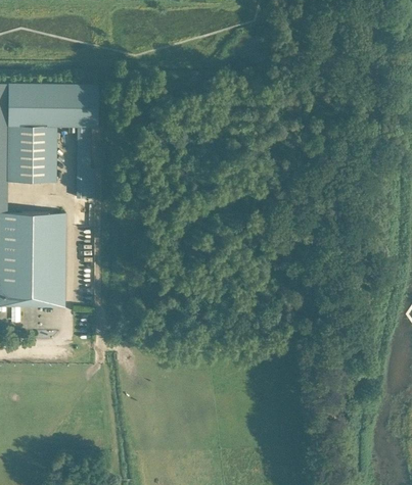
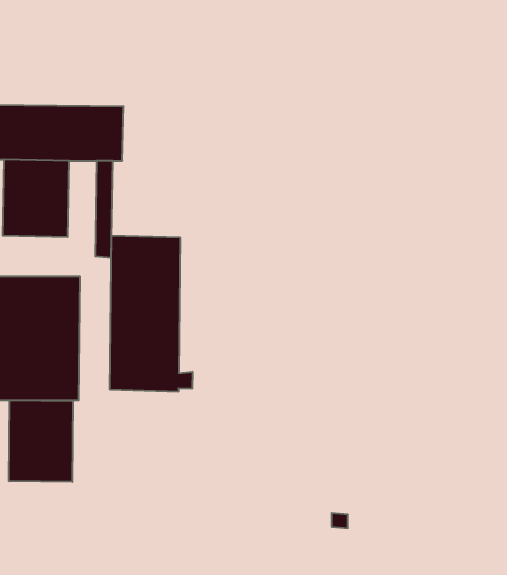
building: none -> [110,235,192,392]
building: none -> [9,400,73,482]

